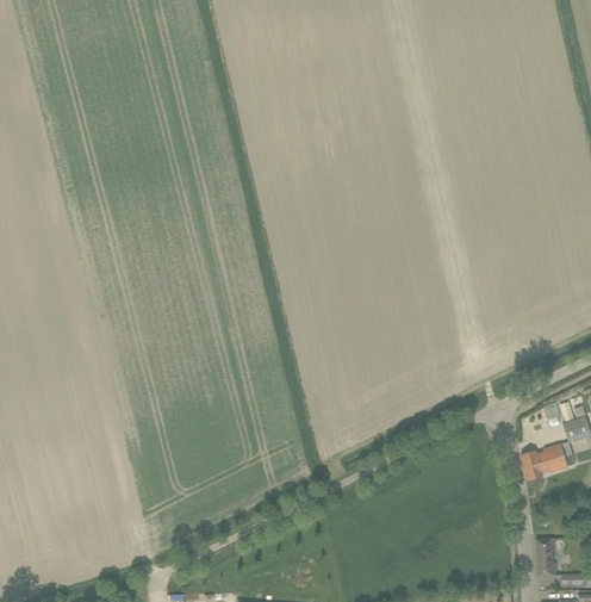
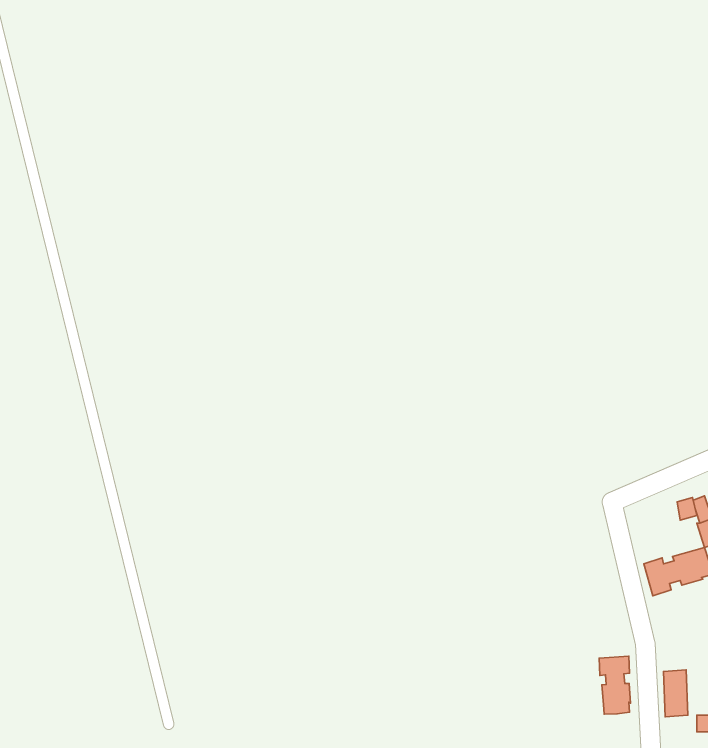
building: none -> [599,656,631,714]

